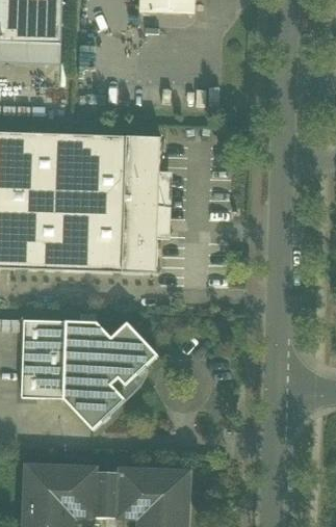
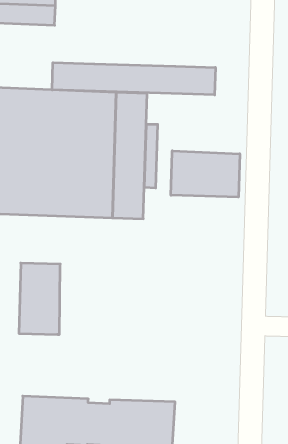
building: none -> [52,63,215,95]
building: none -> [171,151,240,197]
building: [63,321,157,429] -> none

